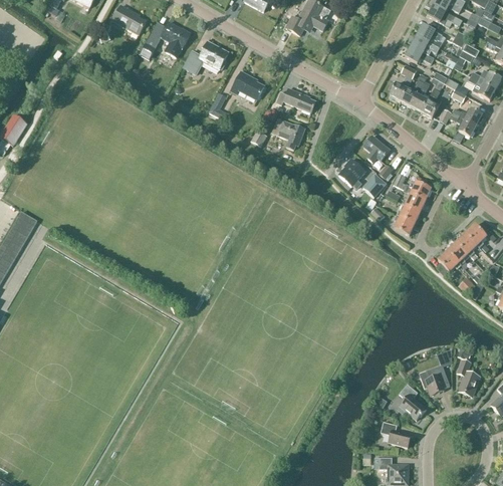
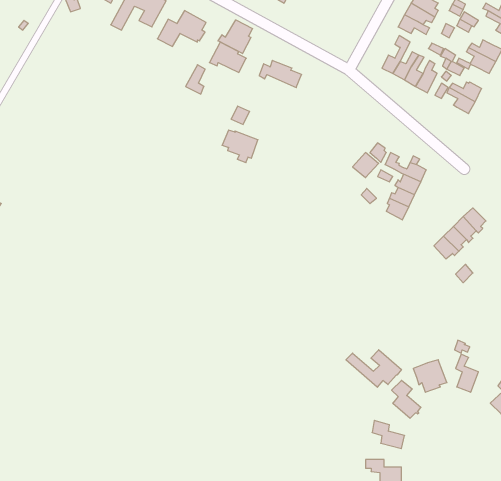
building: none -> [218,20,253,54]
building: [271,118,304,149] -> [222,130,258,163]
building: [362,135,390,162] -> none
building: [338,159,364,189] -> none
building: none -> [346,350,401,387]

